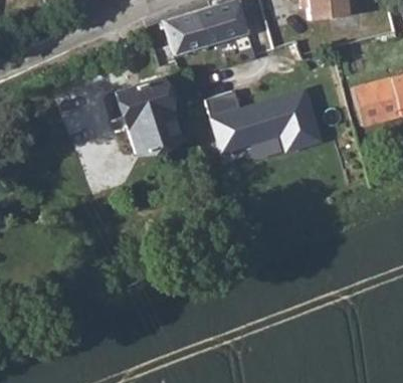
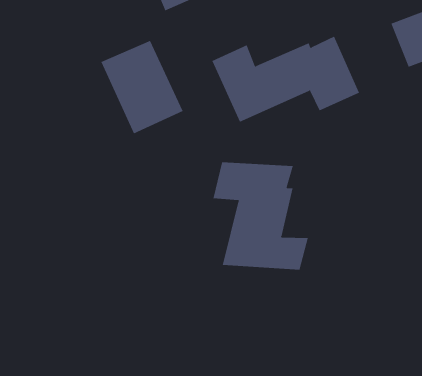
building: none -> [213,162,308,271]

